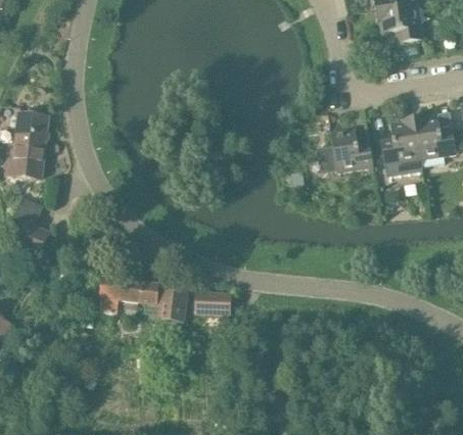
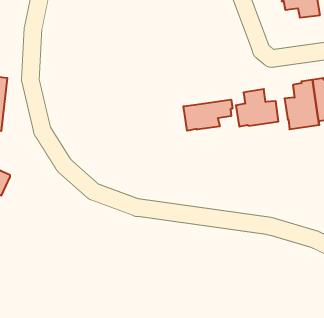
building: none -> [183,100,232,131]
building: [99,277,186,322] -> none
building: [194,292,230,313] -> none

